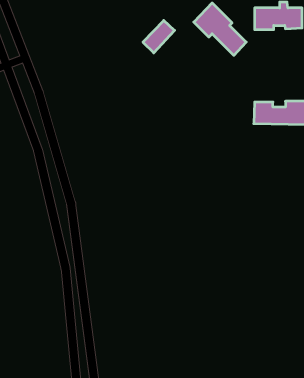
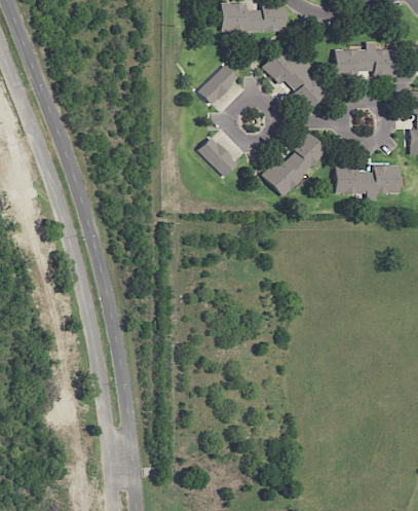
building: none -> [262,131,328,195]
building: none -> [198,137,239,177]

